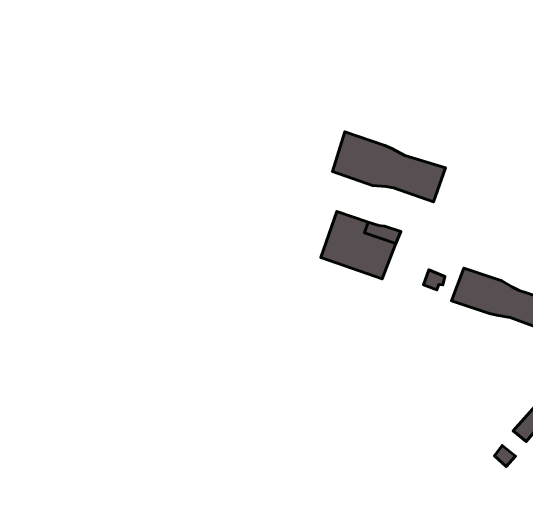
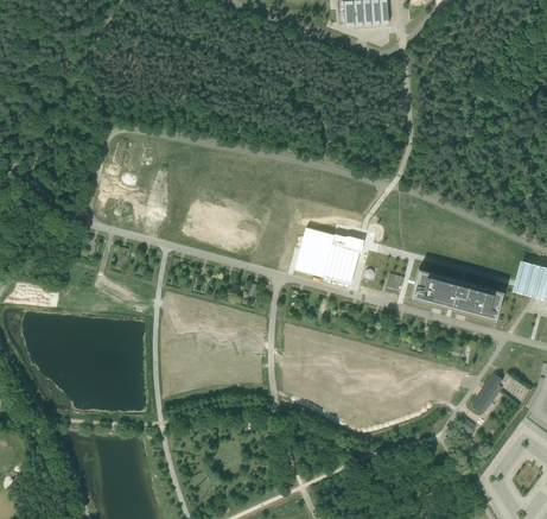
building: [332,132,446,202] -> none

